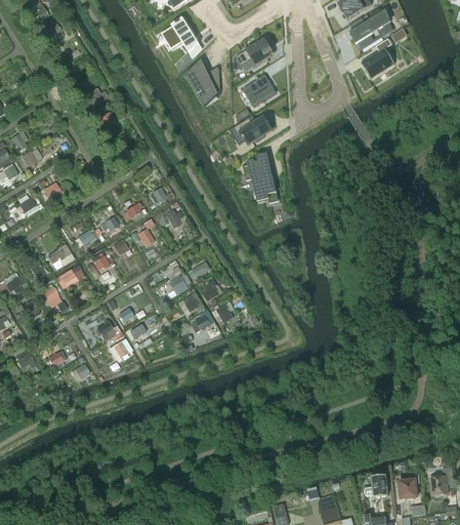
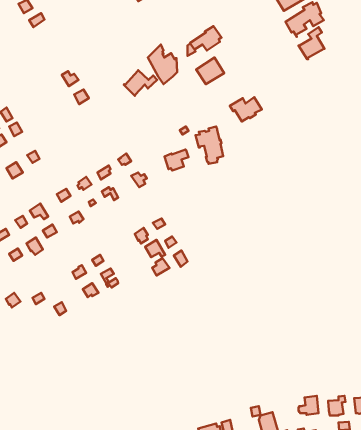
building: [163,17,199,53] -> none
building: none -> [124,70,157,96]
building: [234,116,271,145] -> [230,97,262,122]
building: none -> [164,150,188,170]

